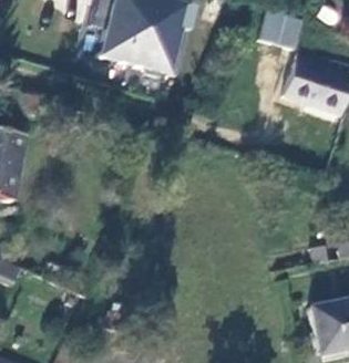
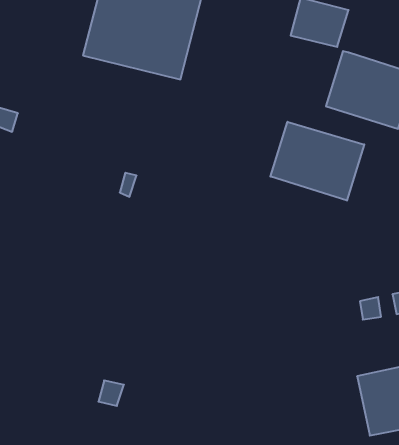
building: none -> [270,122,364,201]

